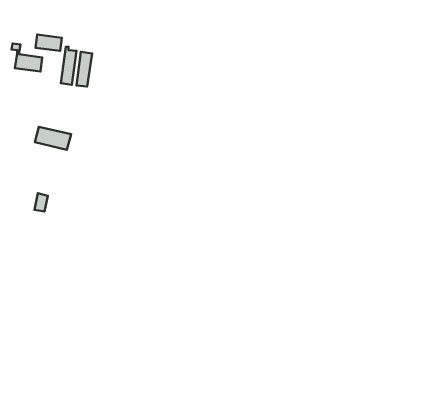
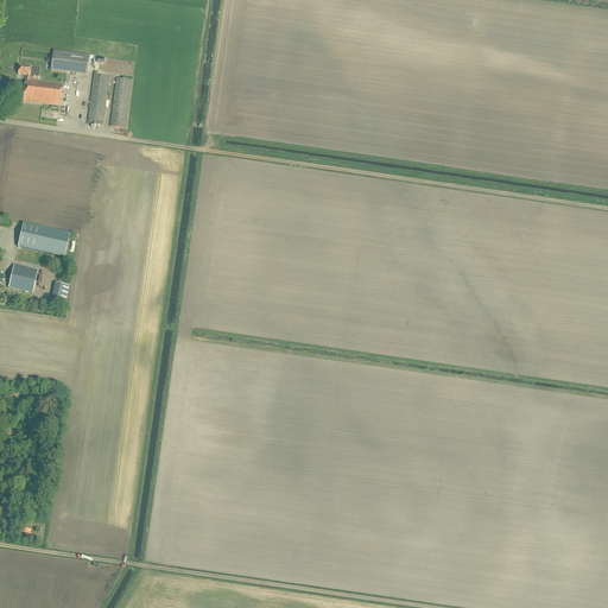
building: [35,127,71,150] -> [17,221,69,254]
building: none -> [7,261,37,290]

